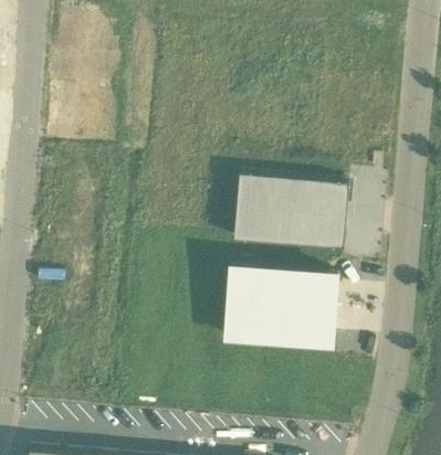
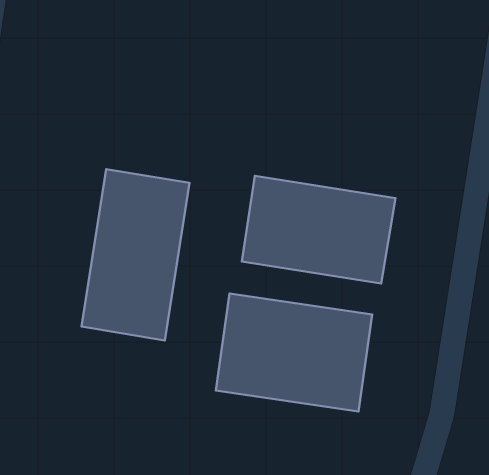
building: none -> [81,169,190,340]

